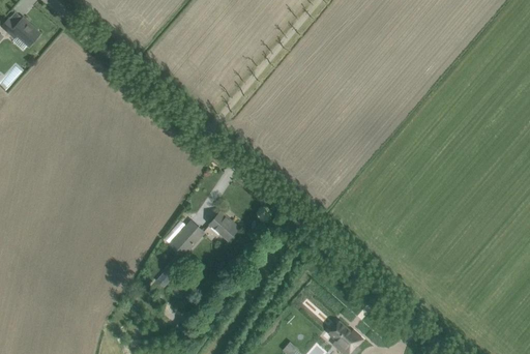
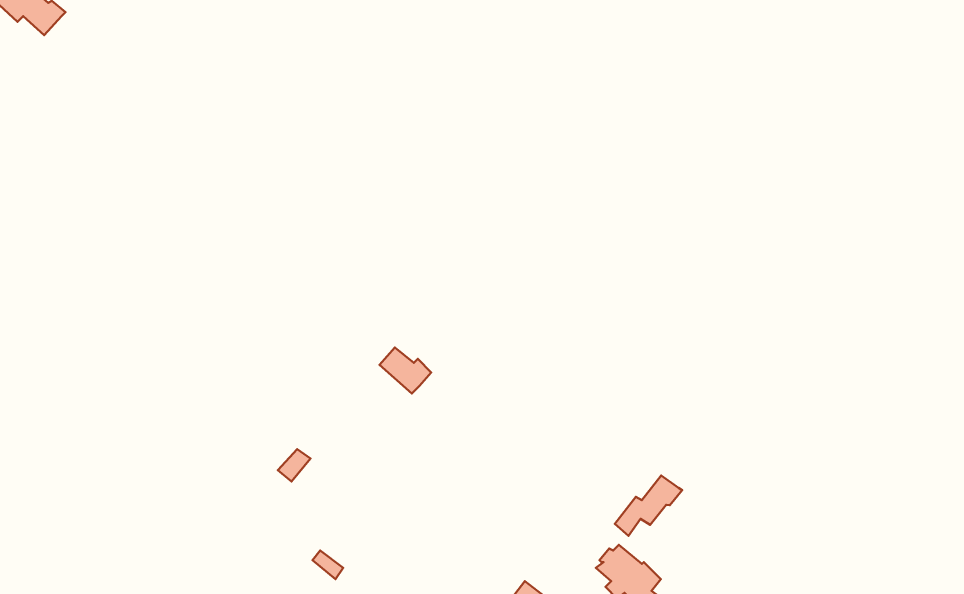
building: [170,219,206,257] -> none
building: none -> [615,475,682,536]

